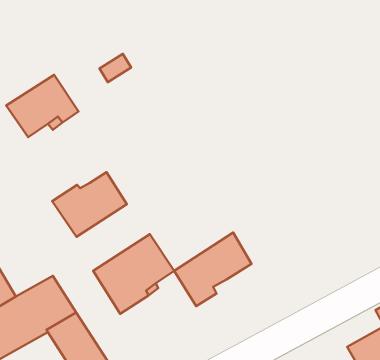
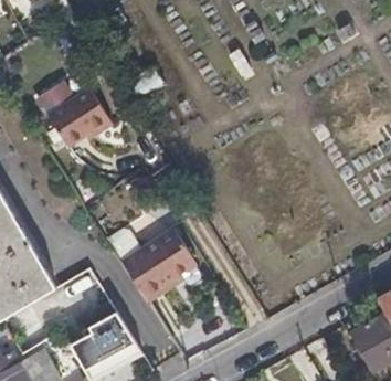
building: [52,172,127,237] -> none
building: [174,233,251,306] -> none

